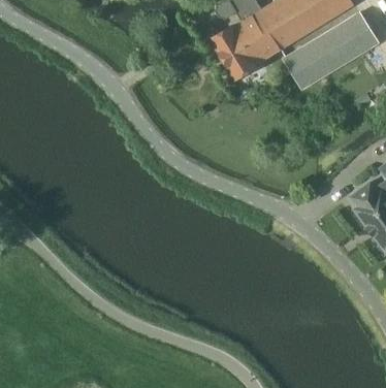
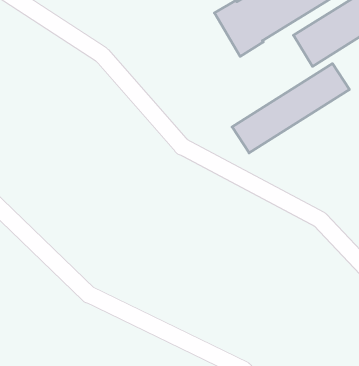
building: none -> [232,64,349,153]

